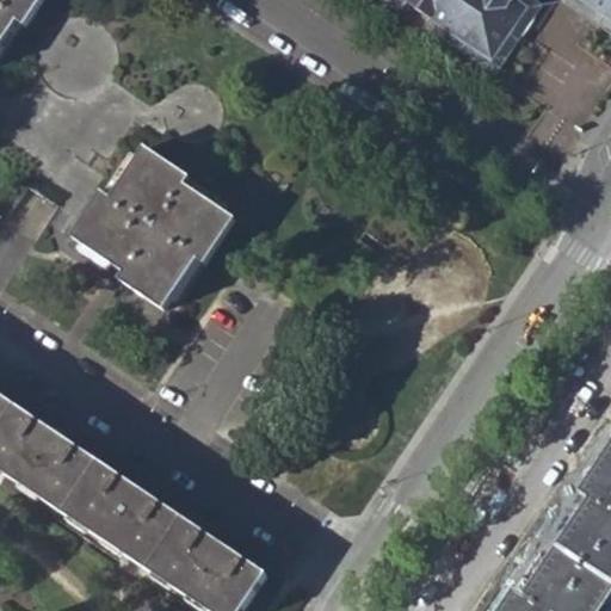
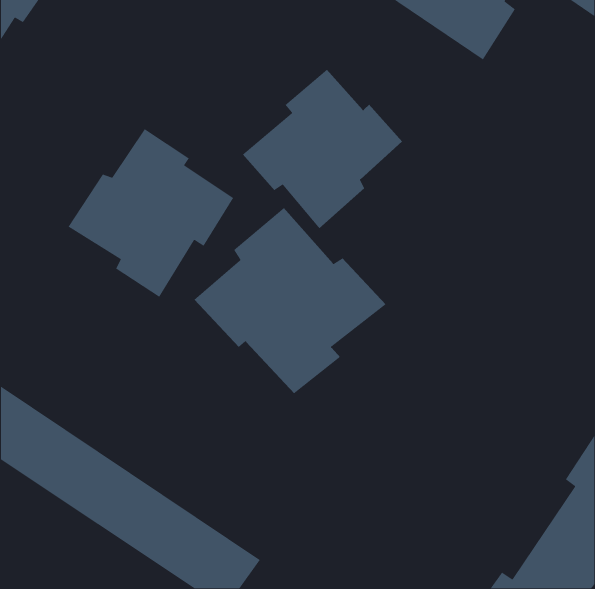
building: none -> [242,69,403,229]
building: none -> [194,207,386,394]

